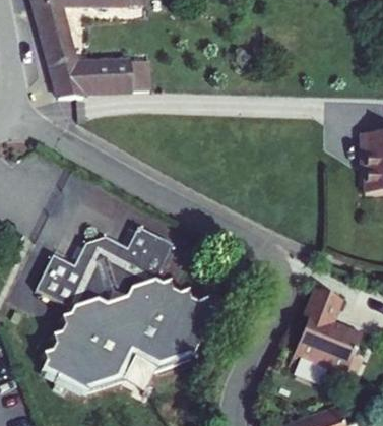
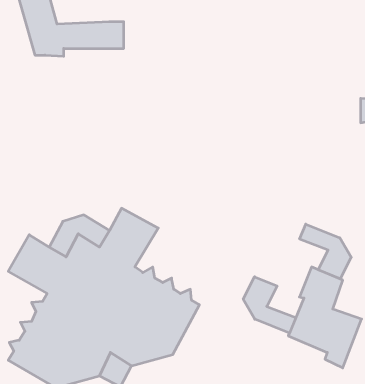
building: none -> [300,224,351,279]
building: none -> [243,277,296,333]

